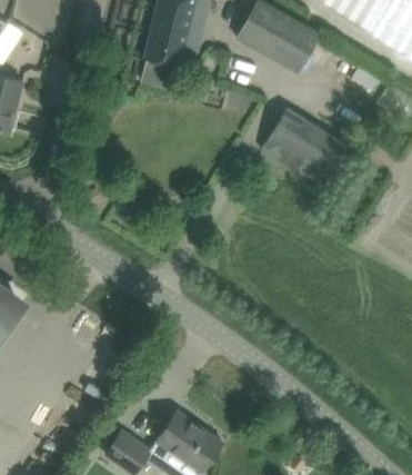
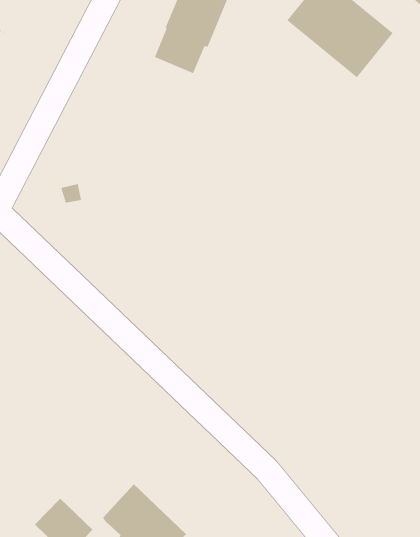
building: [260,108,346,188] -> none

